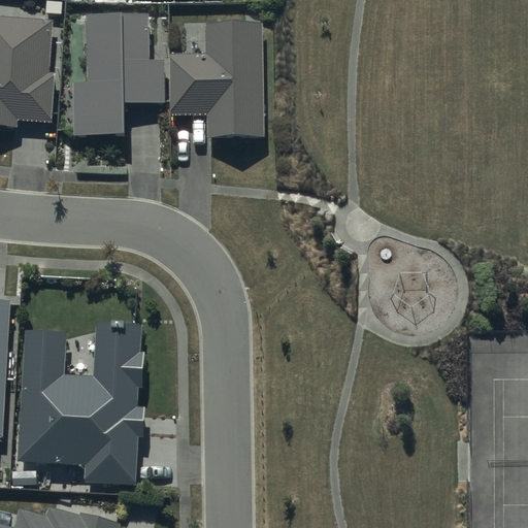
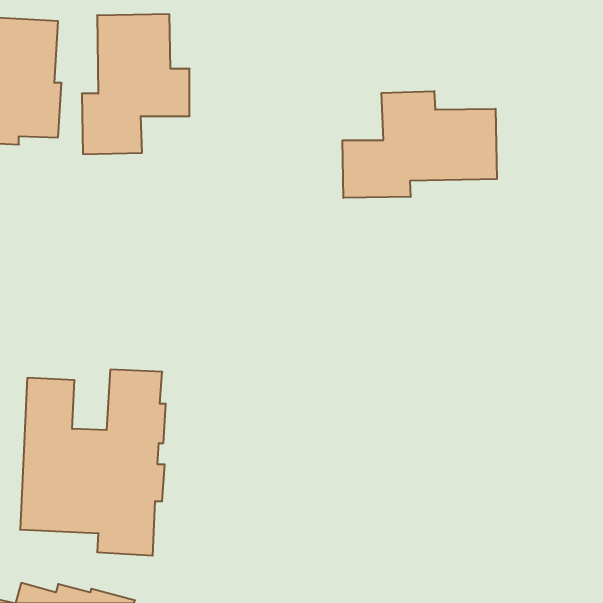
building: [169,21,263,136] -> none
building: none -> [343,91,497,198]

